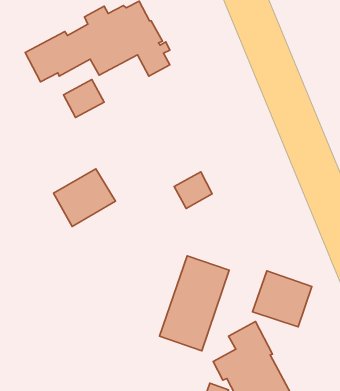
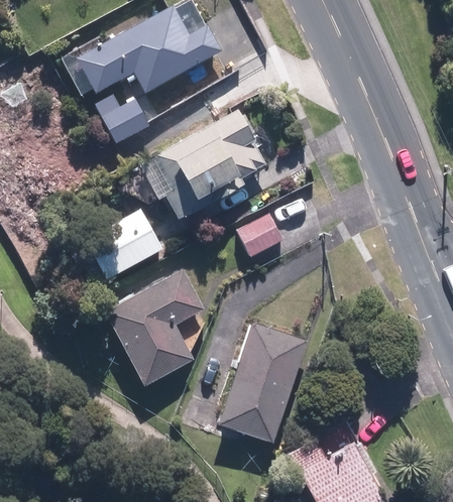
building: none -> [154,111,268,223]
building: none -> [103,270,205,387]
building: [253,271,312,327] -> none

